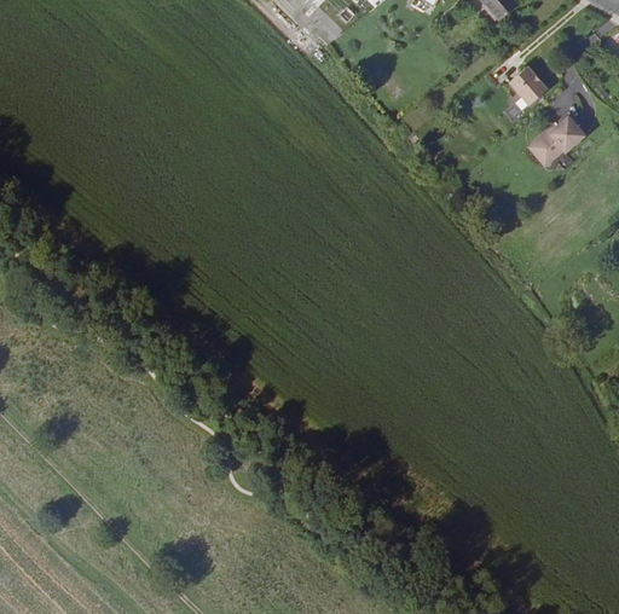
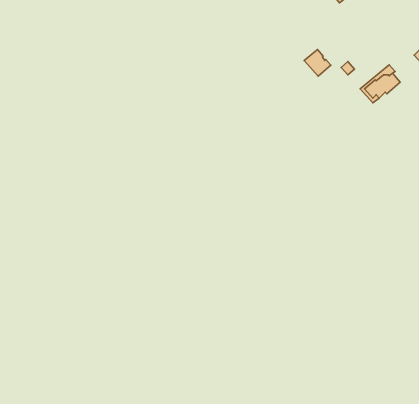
building: [508,64,546,103] -> [304,50,331,76]

